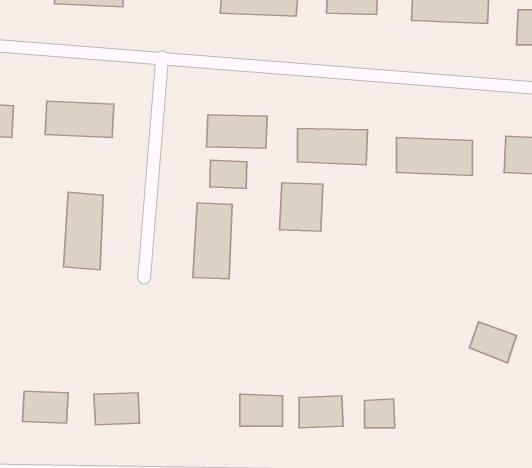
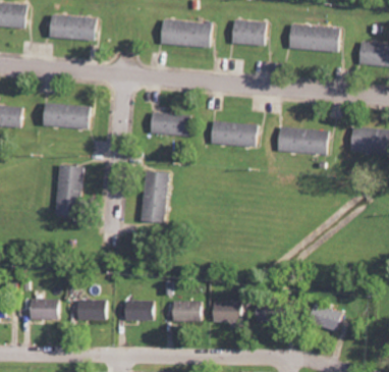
building: [210,160,247,188] -> none
building: [280,183,323,231] -> none
building: [469,322,517,363] -> [310,304,341,331]
building: none -> [124,300,154,320]

